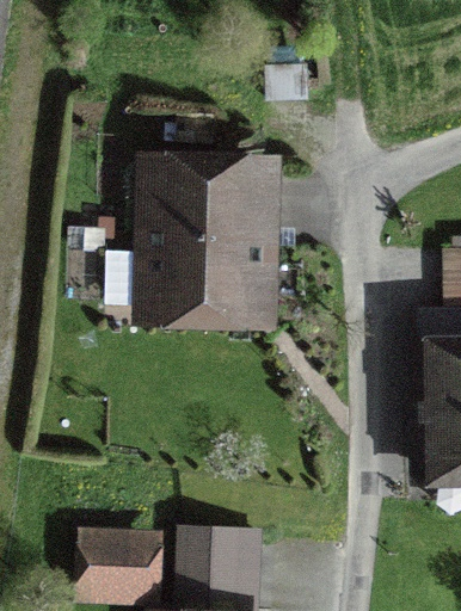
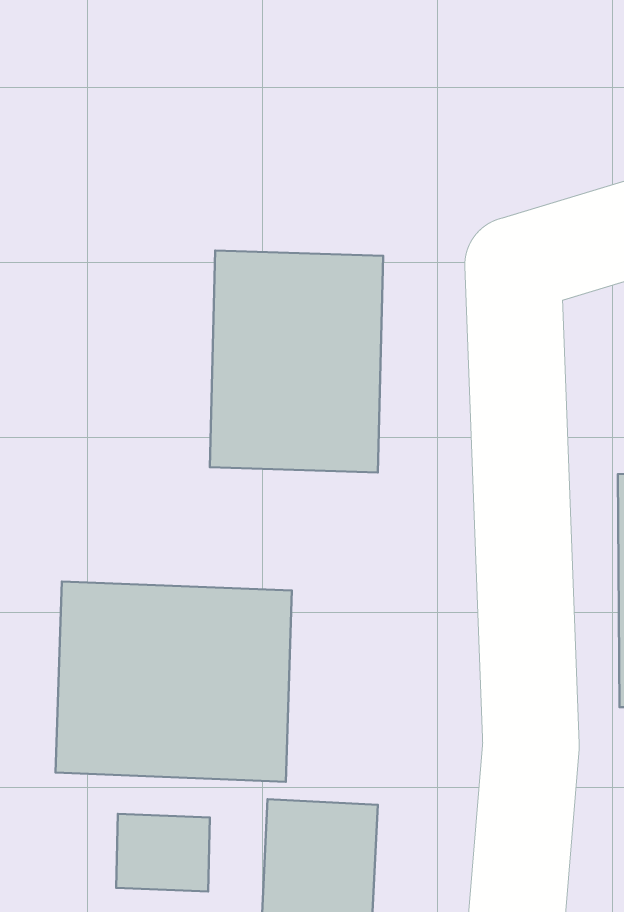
building: none -> [56,581,292,782]

